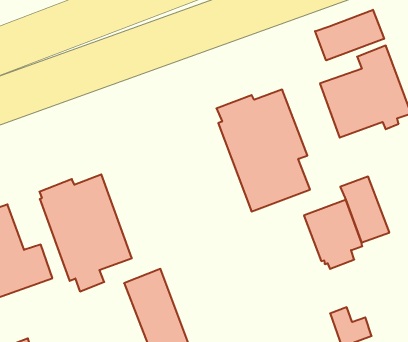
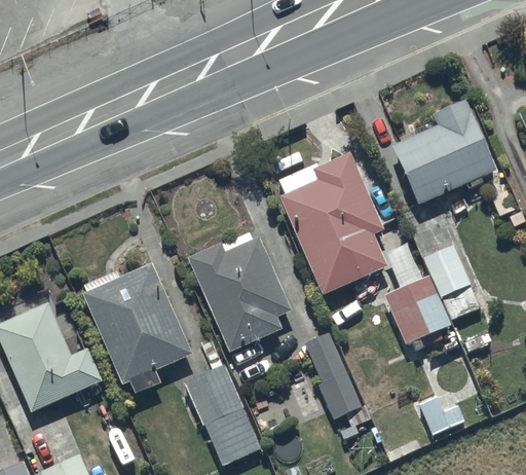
building: [315,10,384,60] -> none
building: none -> [186,230,293,353]
building: none -> [305,333,374,431]

